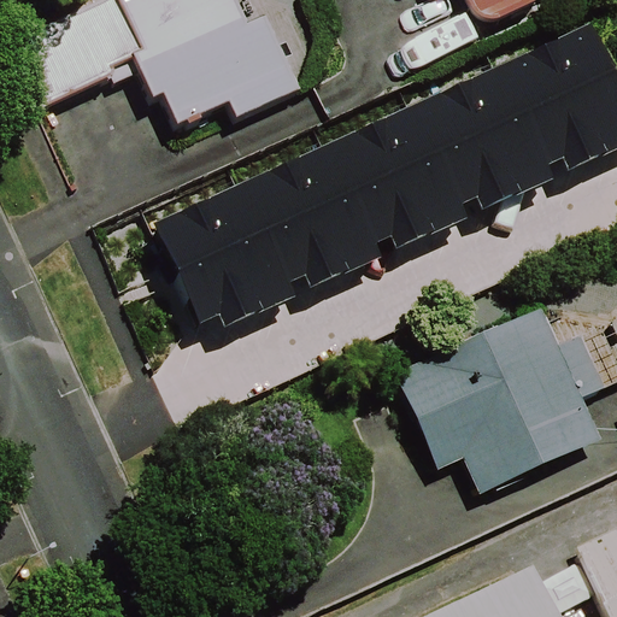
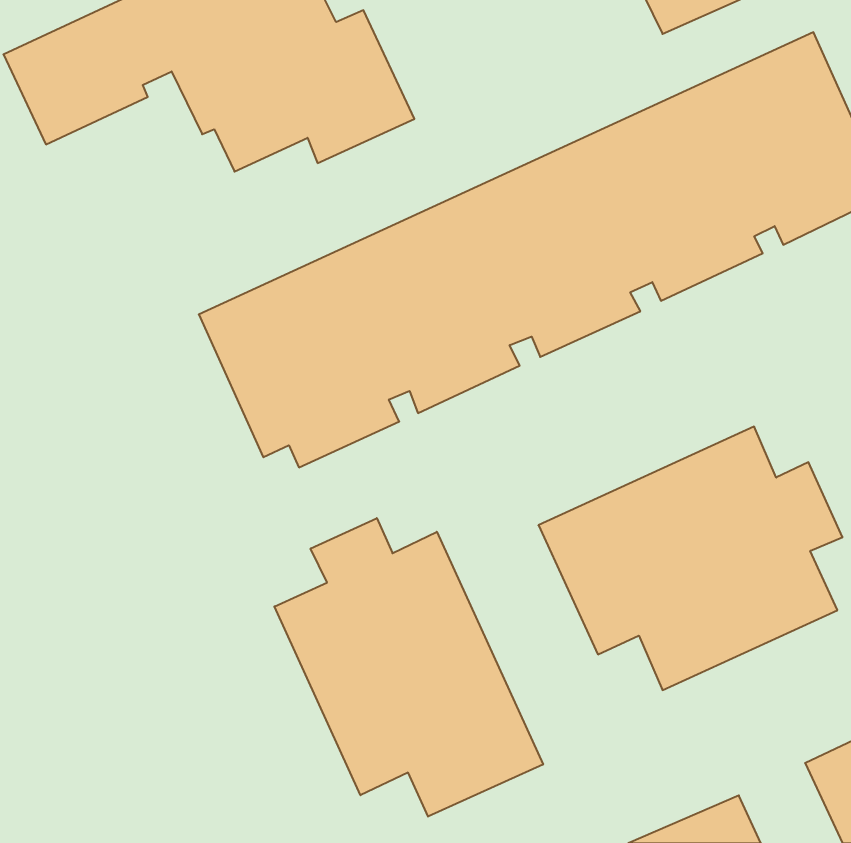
building: none -> [274,518,543,817]

